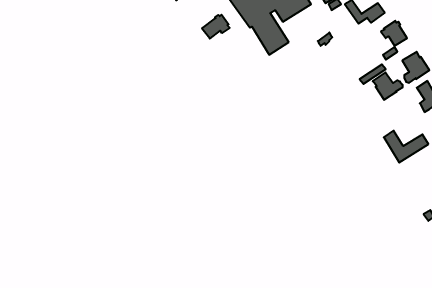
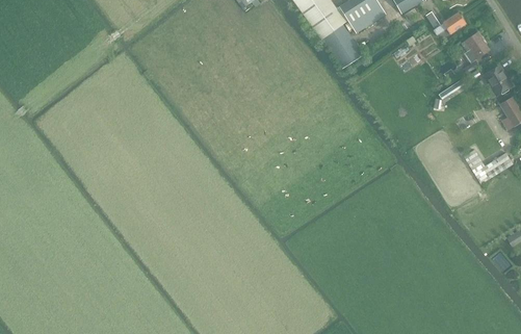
building: [202,15,230,39] -> none
building: [373,72,403,100] -> none

